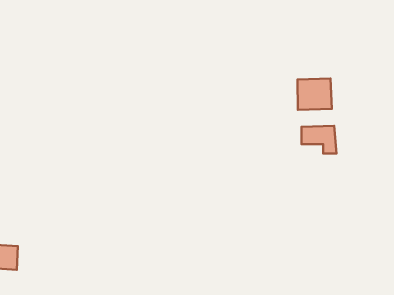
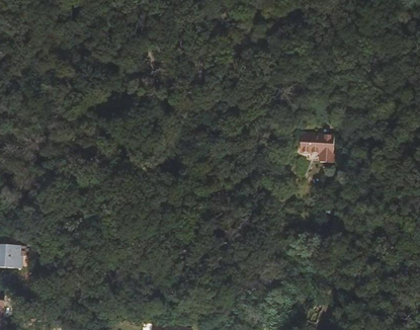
building: [297,79,332,110] -> none

